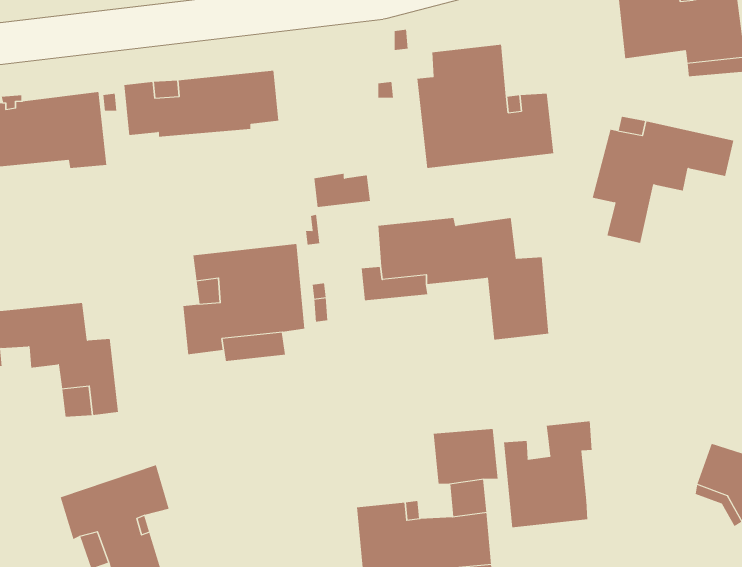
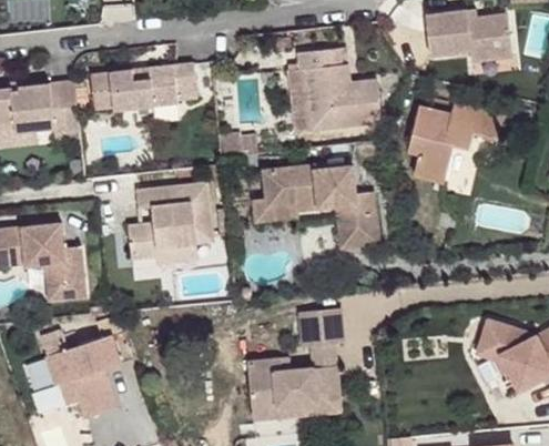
building: [503,421,592,528] -> none

